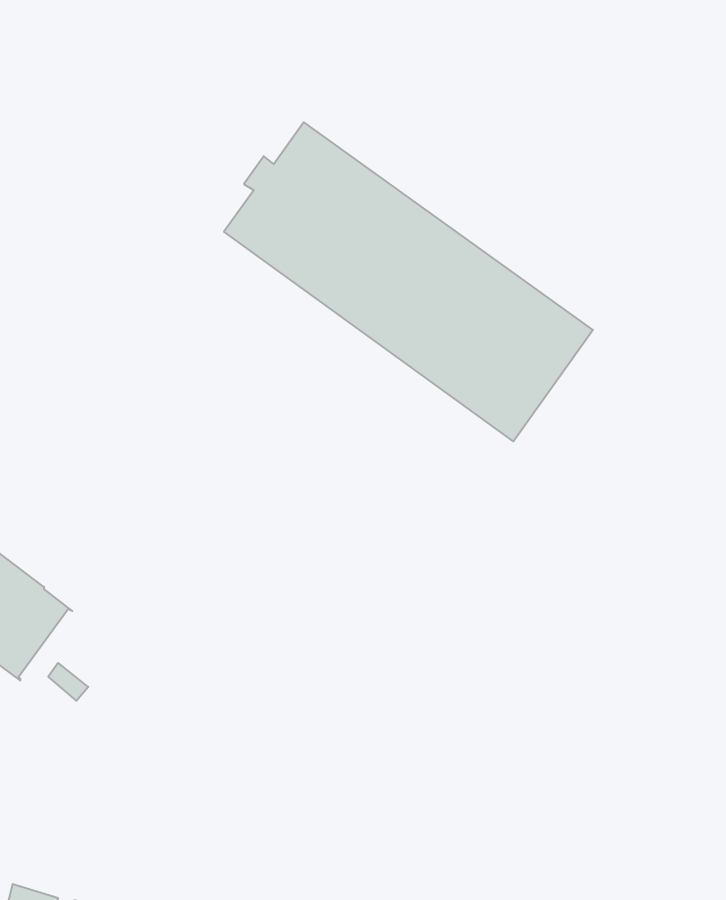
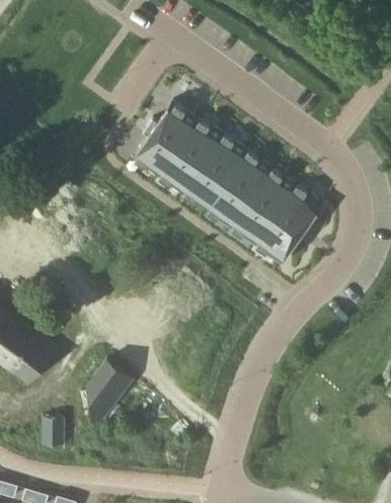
building: none -> [88,360,134,422]
building: none -> [43,417,65,445]

